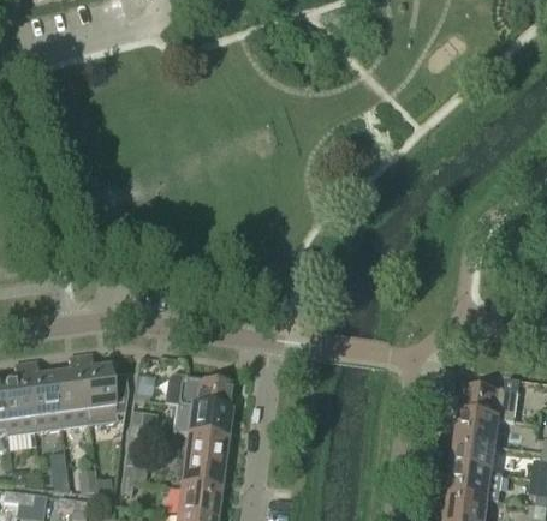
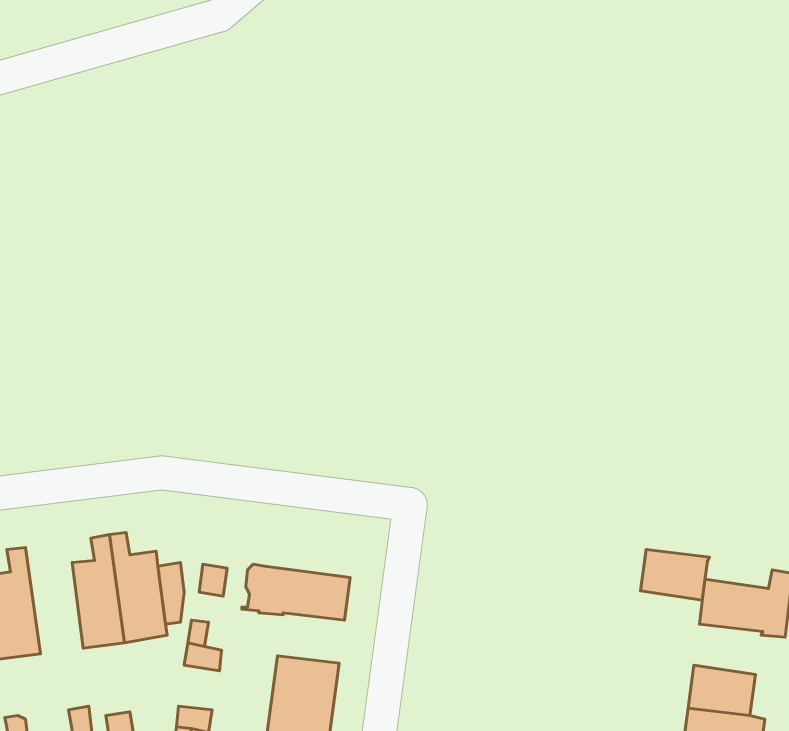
building: [25,359,63,430] -> none
building: [172,403,231,436] -> none
building: [456,411,500,443] -> [640,550,709,600]

